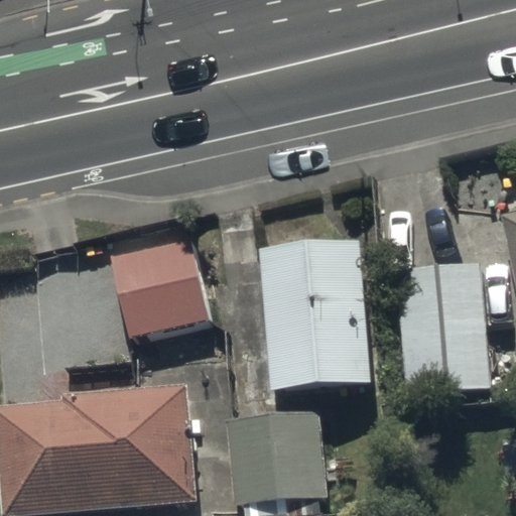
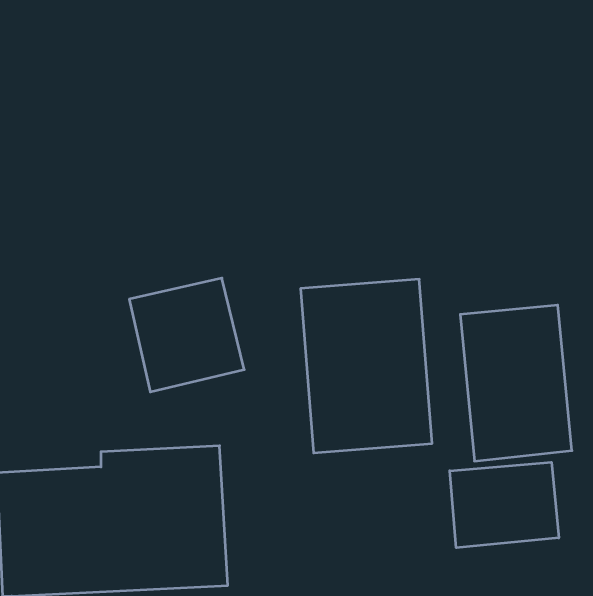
building: none -> [450,462,559,548]
building: [223,411,327,505] -> none

